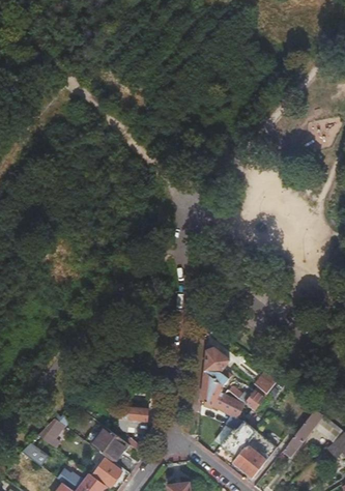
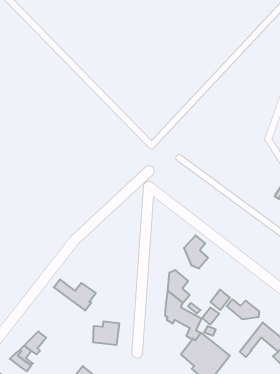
building: none -> [184,235,208,269]
building: none -> [227,299,259,319]
building: [78,426,126,462] -> [54,279,96,311]

